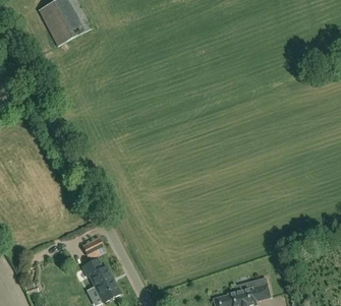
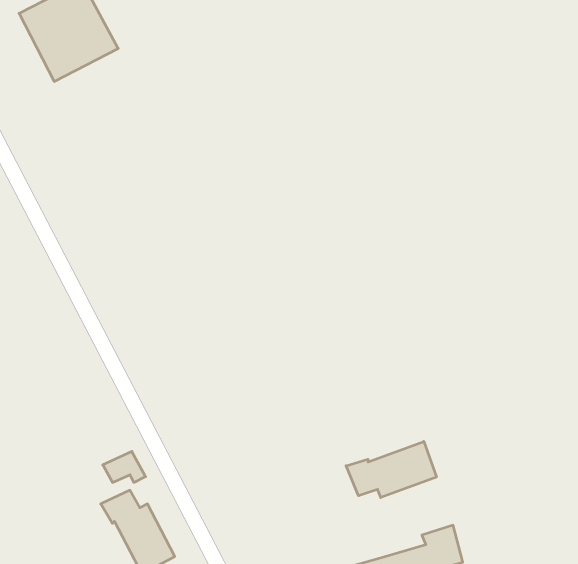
building: none -> [346,441,436,498]

